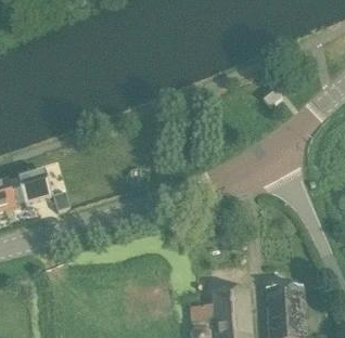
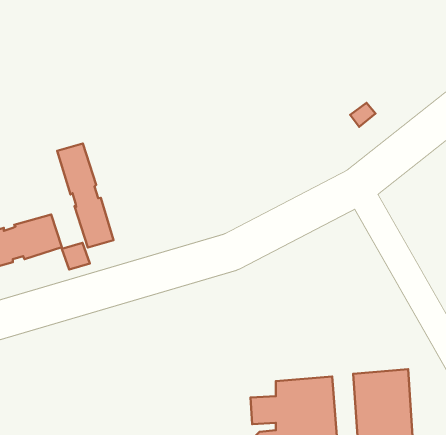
building: none -> [57,143,113,248]

